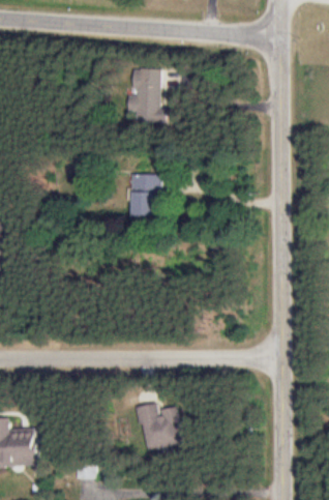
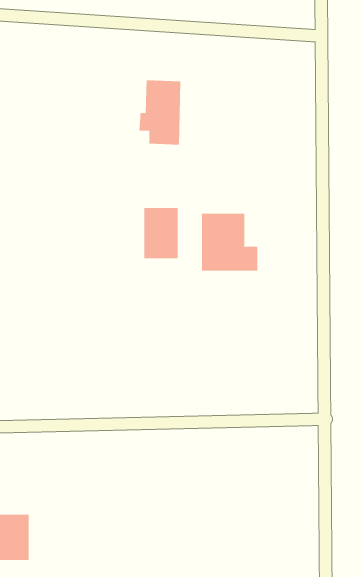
building: none -> [202,213,258,272]
building: [137,402,182,449] -> none

